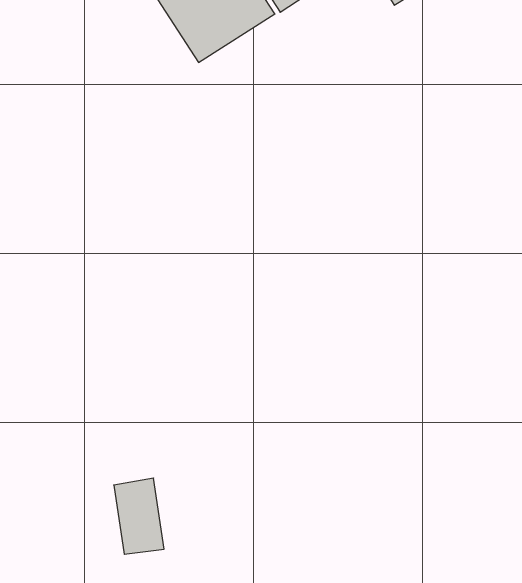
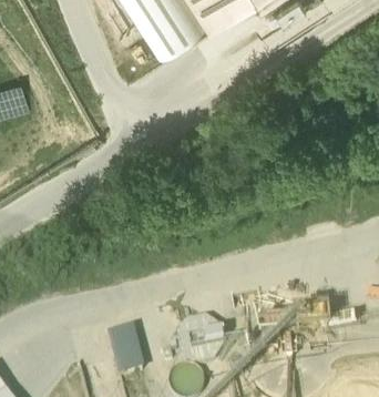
building: none -> [178,318,225,364]

